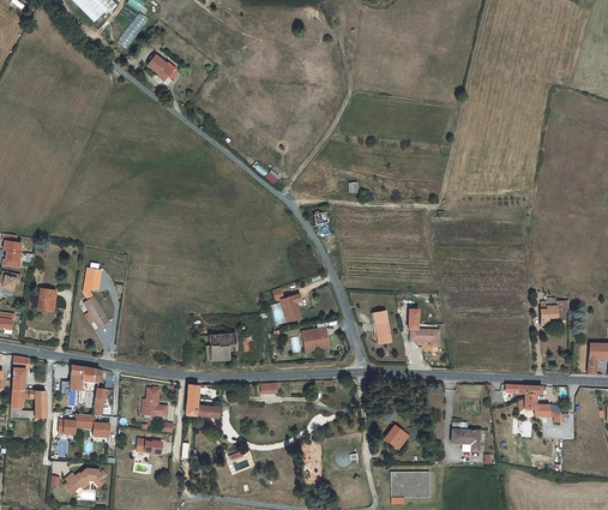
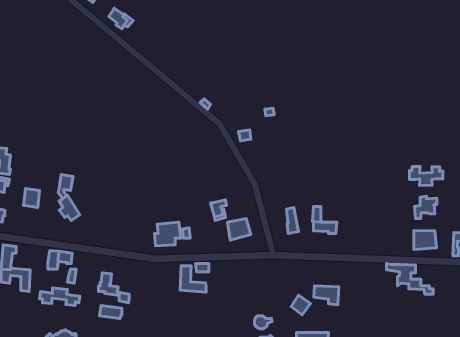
building: none -> [409,166,443,186]
building: none -> [414,230,437,249]
building: [188,383,222,416] -> [180,266,206,292]
building: [449,428,481,452] -> [314,286,339,305]

